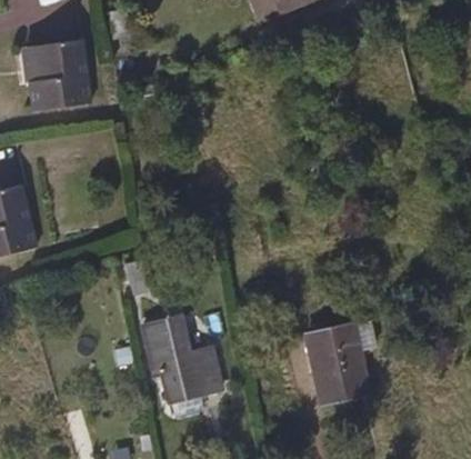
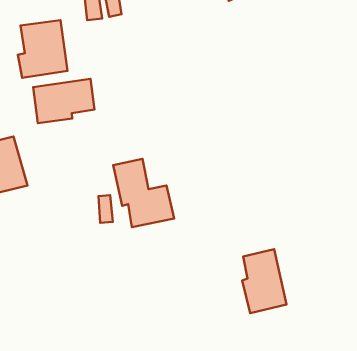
building: none -> [33,79,95,123]
building: [139,315,216,400] -> [113,159,174,227]

